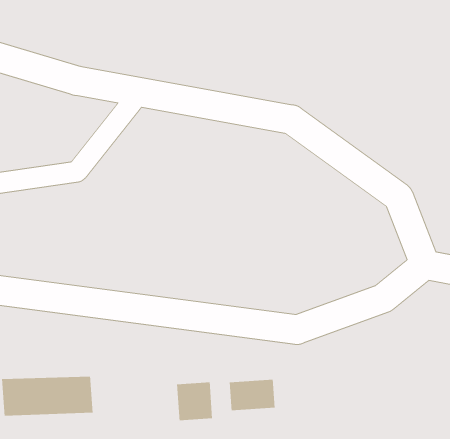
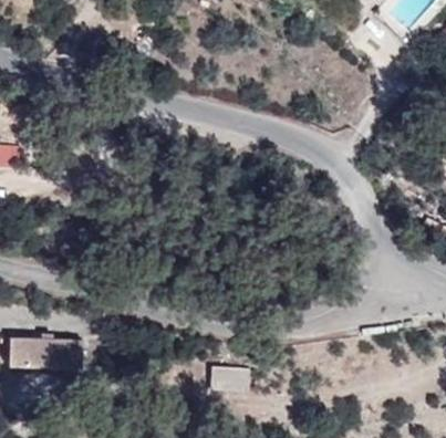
building: [176,381,213,421] -> none

